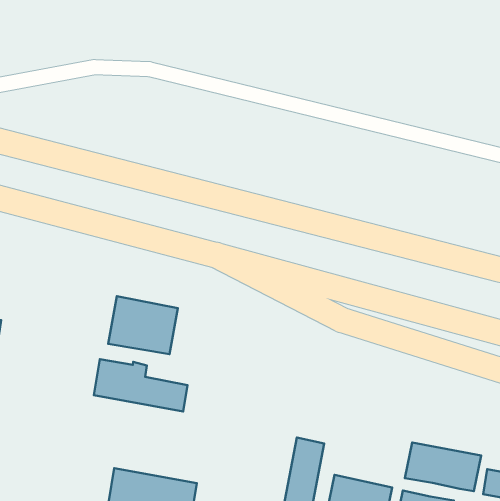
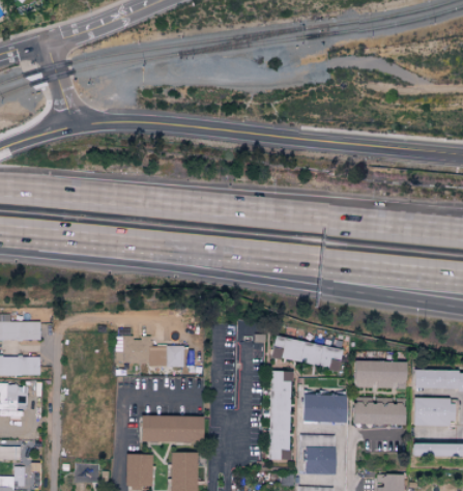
building: [108,296,178,354] -> none
building: none -> [272,338,343,369]

